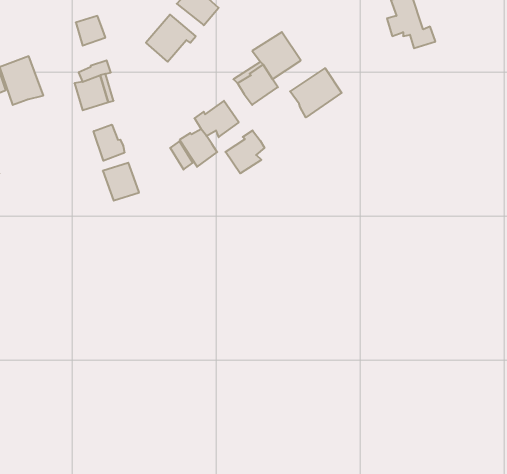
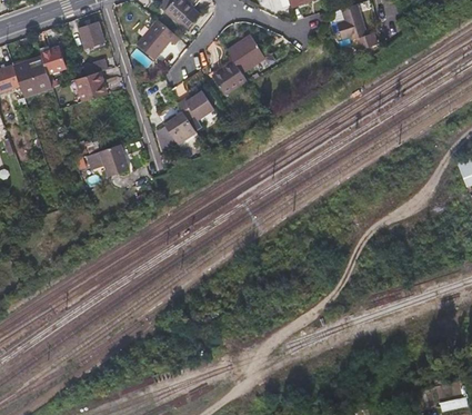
building: none -> [39,45,66,72]
building: [290,68,342,117] -> none
building: [94,125,124,161] -> none
building: [225,130,264,173] -> none

